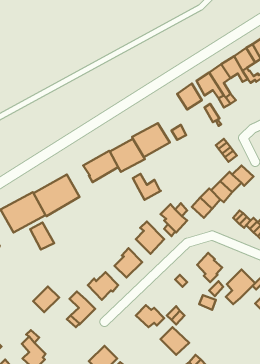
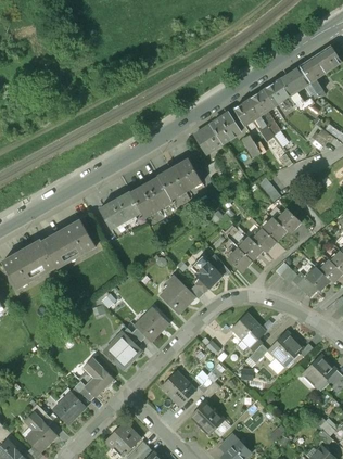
building: none -> [193,124,223,153]
building: [133,174,161,200] -> none
building: [30,222,54,249] -> none
building: [33,286,59,312] -> [56,392,87,422]

